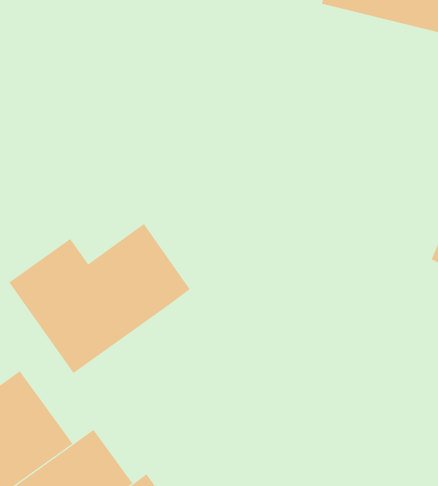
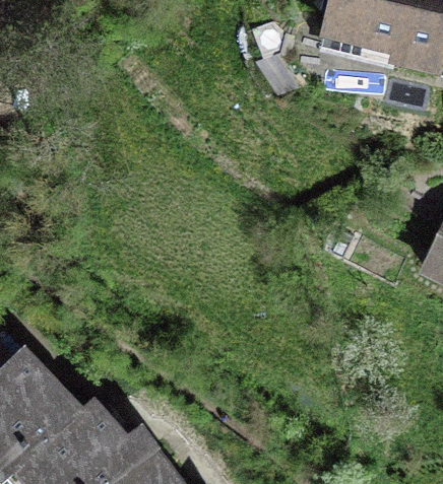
building: [9,223,191,374] -> none

